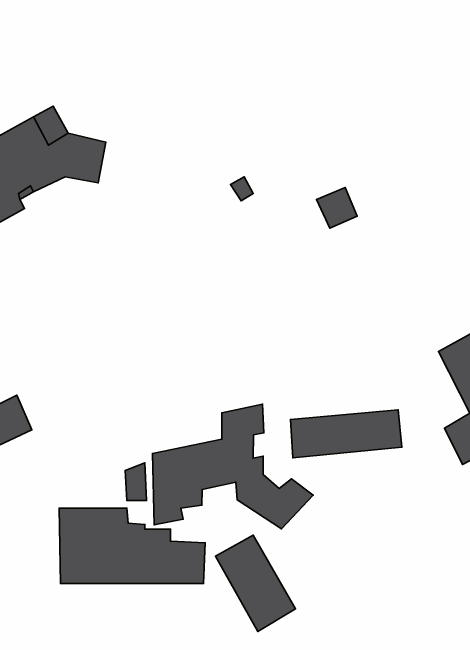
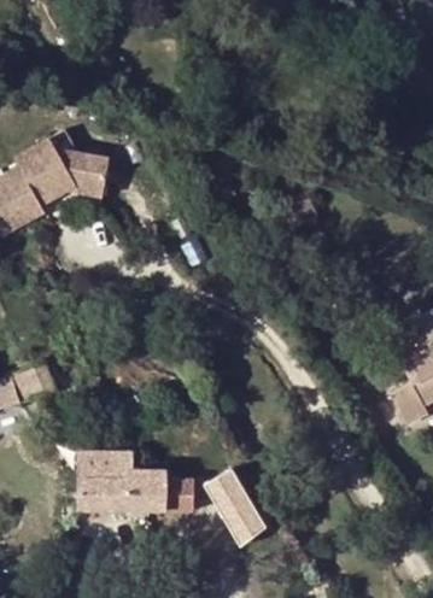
building: [152,404,313,529] -> none
building: [291,410,402,458] -> none

